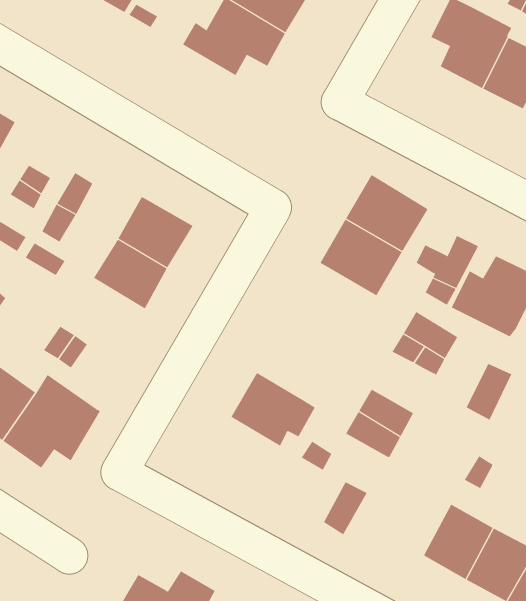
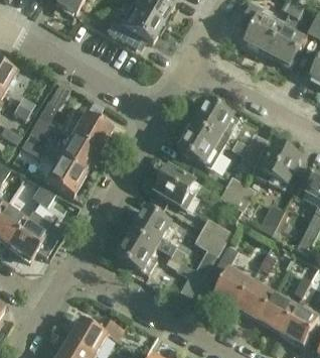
building: none -> [45,158,86,197]
building: none -> [156,167,201,210]
building: none -> [118,233,160,276]
building: none -> [211,245,252,309]

